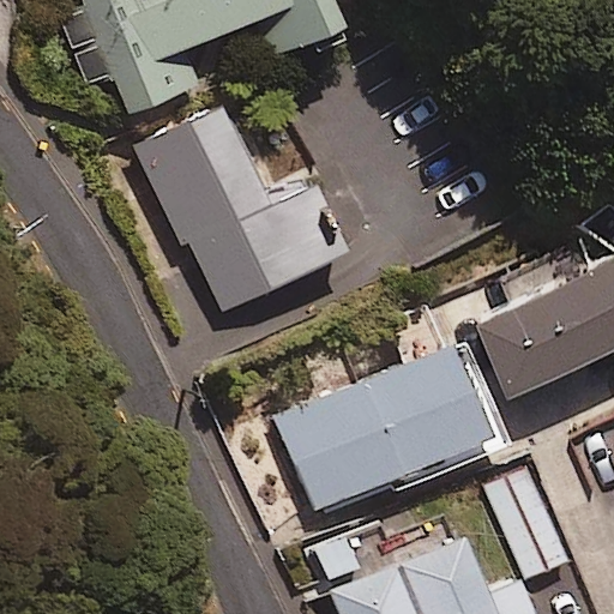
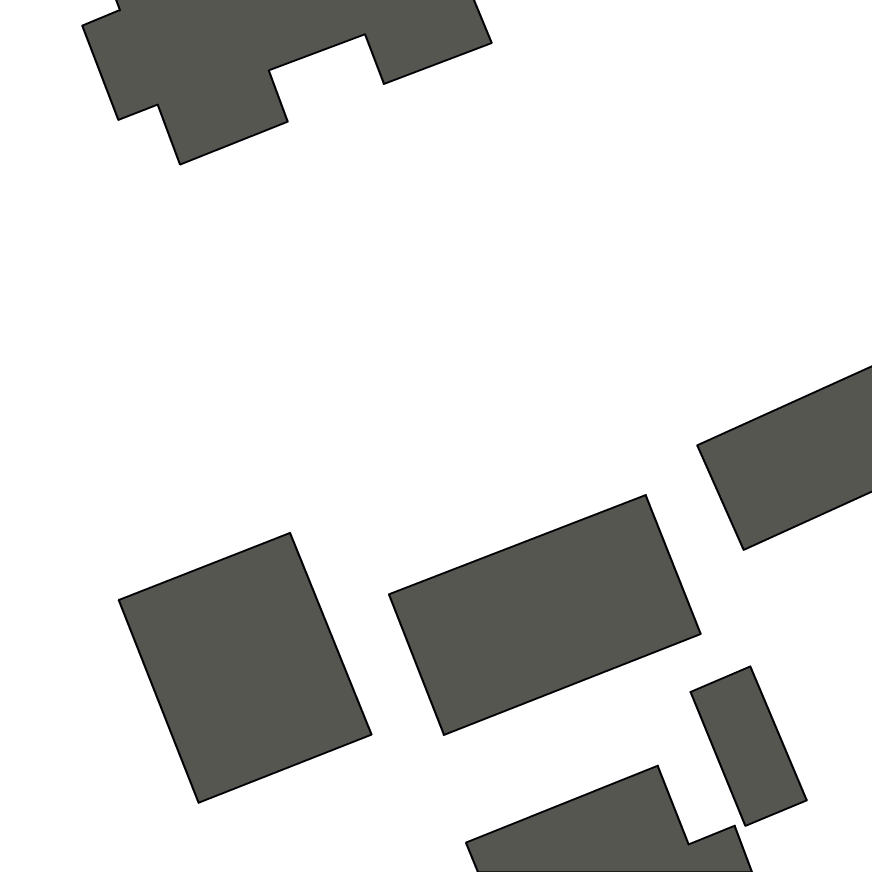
building: [140,106,342,312] -> none
building: none -> [119,533,371,803]

